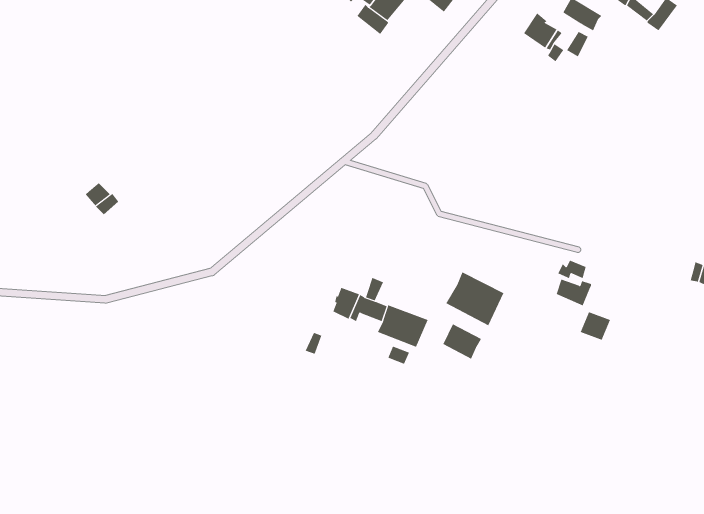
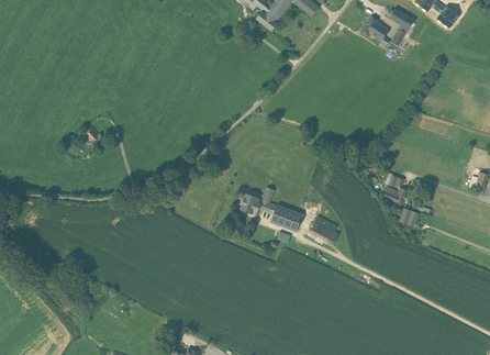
building: [445,272,504,326] -> none

